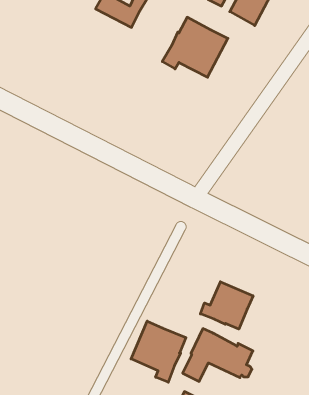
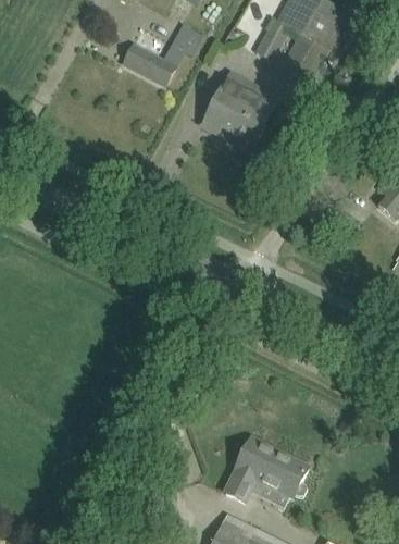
building: [200,282,253,329] -> none
building: [131,321,186,382] -> none

